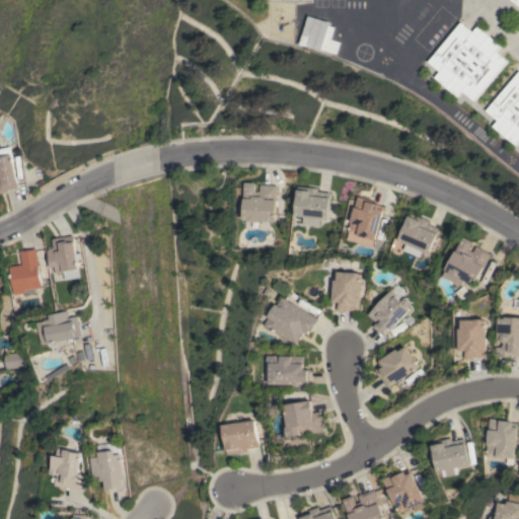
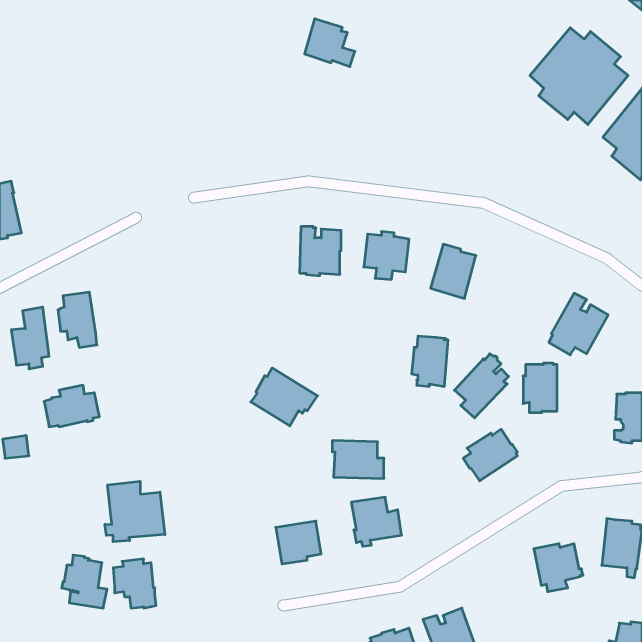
building: [298,16,339,55] -> [305,19,355,67]
building: [397,214,438,258] -> none
building: [265,298,318,345] -> [251,368,318,426]
building: [458,319,486,359] -> [523,363,557,412]
building: none -> [105,481,165,542]
building: [381,470,423,514] -> none

